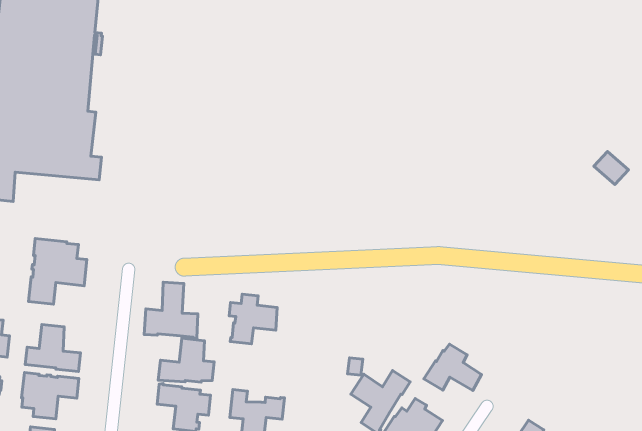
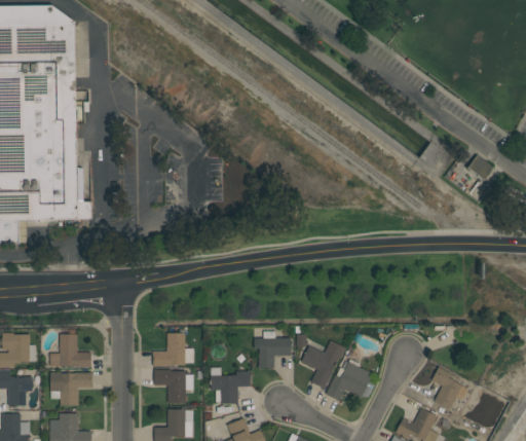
building: [28,238,87,304] -> none
building: [144,282,198,339] -> none
building: [229,294,277,344] -> [254,331,291,368]
building: [424,344,482,391] -> none

